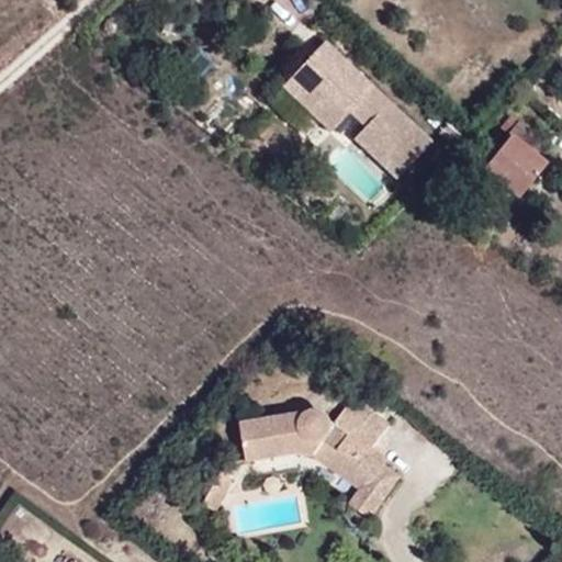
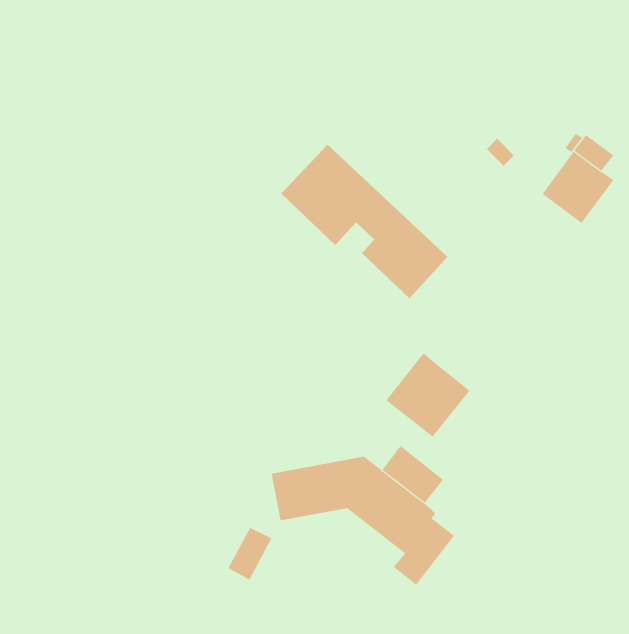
building: [277,41,425,178] -> [280,144,448,299]
building: none -> [386,353,471,437]

